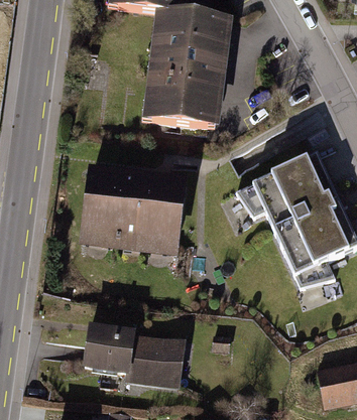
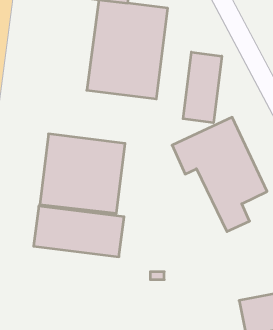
building: none -> [183,52,222,123]
building: [82,326,187,385] -> [34,206,124,257]

